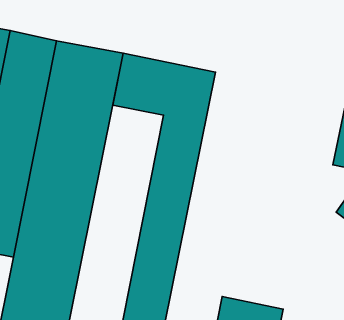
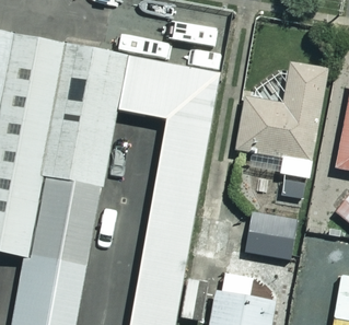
building: none -> [243,68,334,198]
building: none -> [251,213,304,263]

